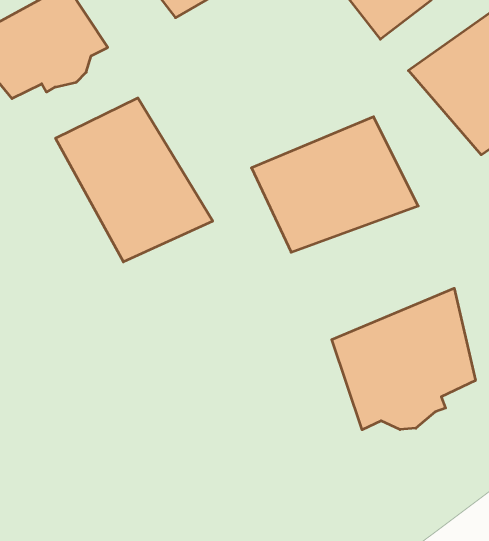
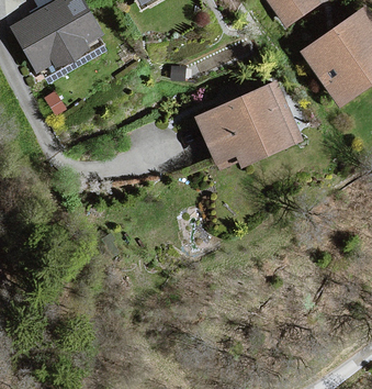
building: [56,98,213,262] -> none
building: [332,288,475,430] -> none

